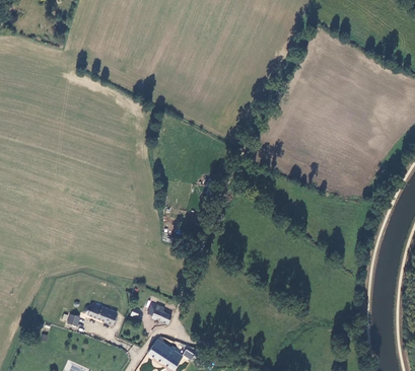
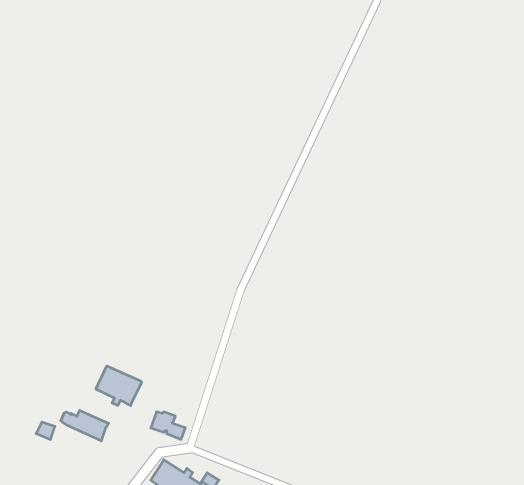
building: none -> [96,366,142,406]

